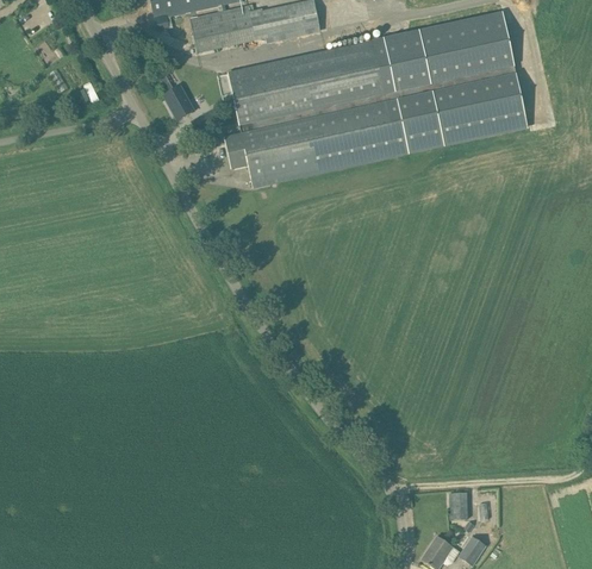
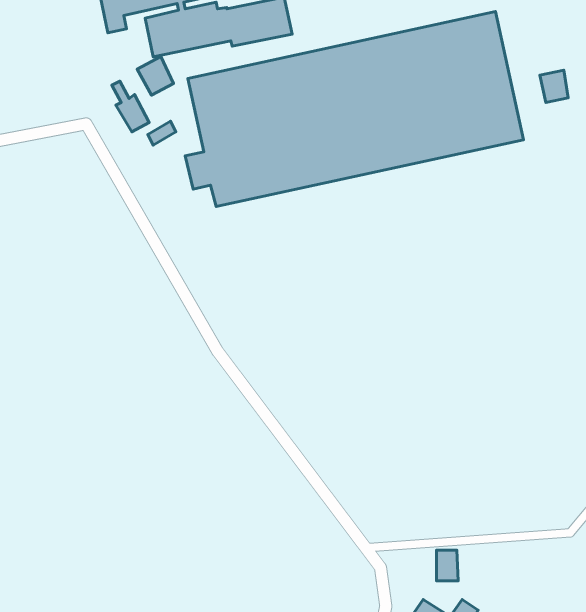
building: none -> [137,57,173,95]
building: none -> [540,70,568,103]

